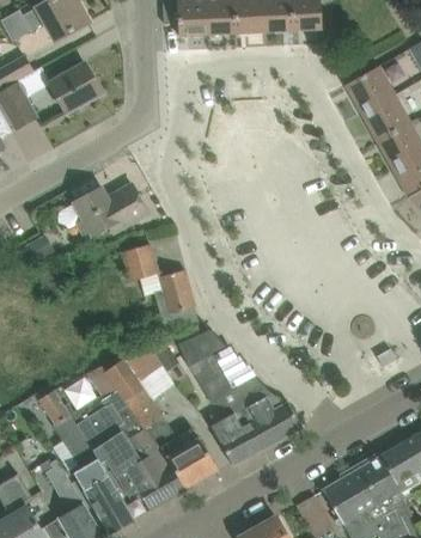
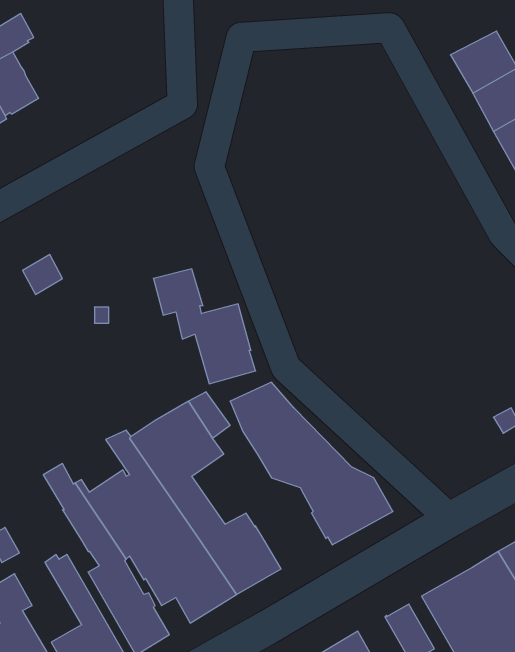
building: [16,63,100,115] -> none
building: [56,184,147,236] -> none
building: [209,414,255,465] -> none

